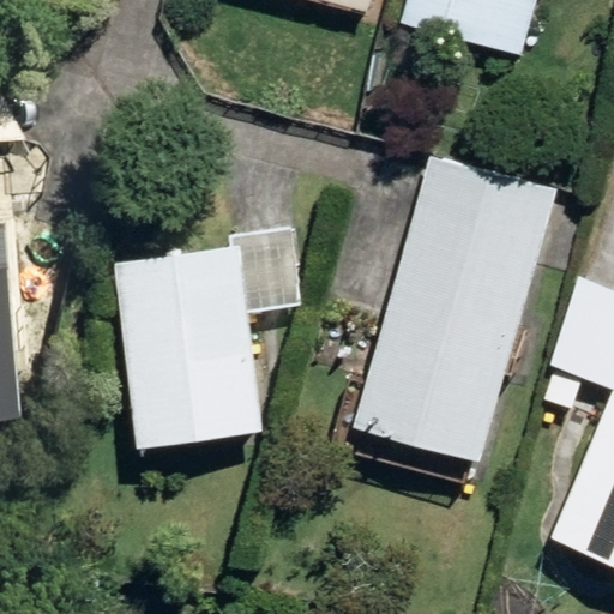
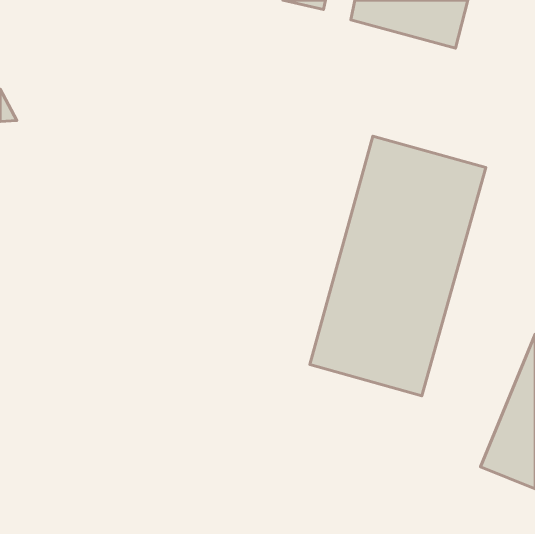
building: [118,246,260,441] -> none

